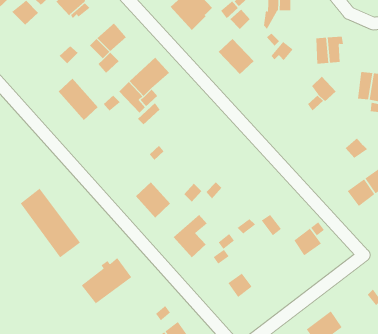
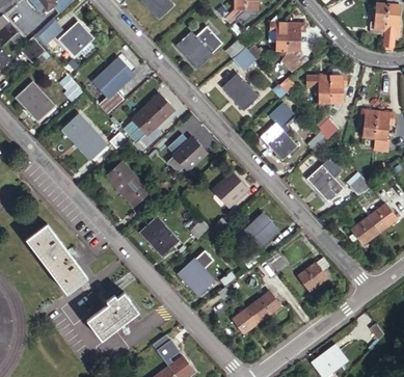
building: none -> [277,49,304,73]
building: none -> [17,83,52,118]
building: none -> [259,101,299,159]
building: none -> [174,138,205,168]
building: none -> [106,162,146,205]
building: none -> [306,165,342,200]
building: none -> [213,173,244,205]
building: none -> [245,216,275,245]
building: none -> [246,292,278,322]

